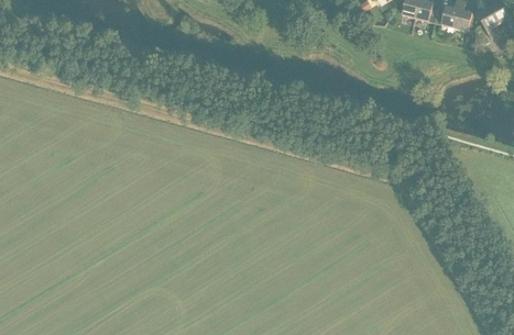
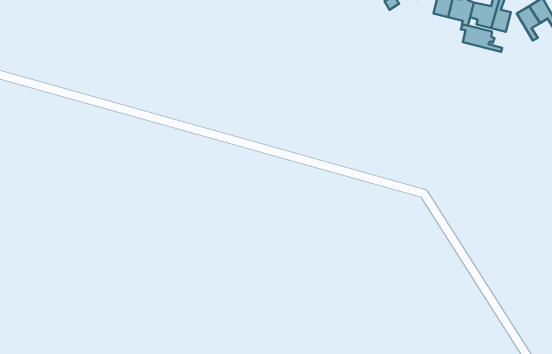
building: none -> [461,25,502,52]

